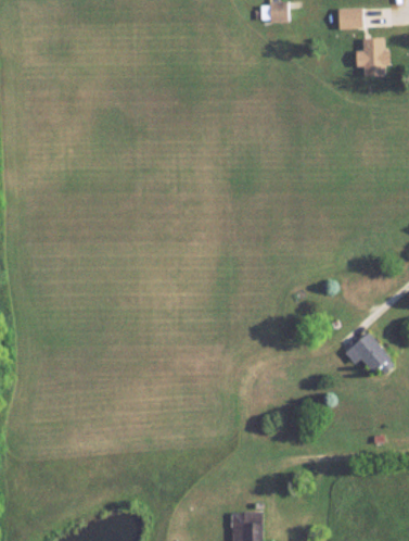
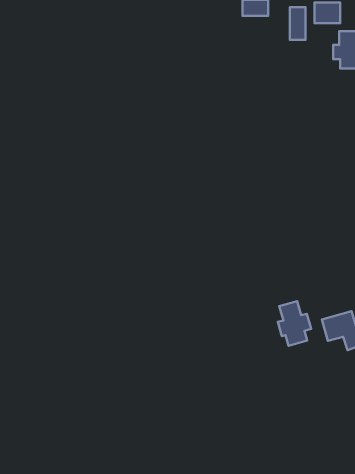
building: none -> [290,7,306,40]
building: none -> [278,301,311,346]

